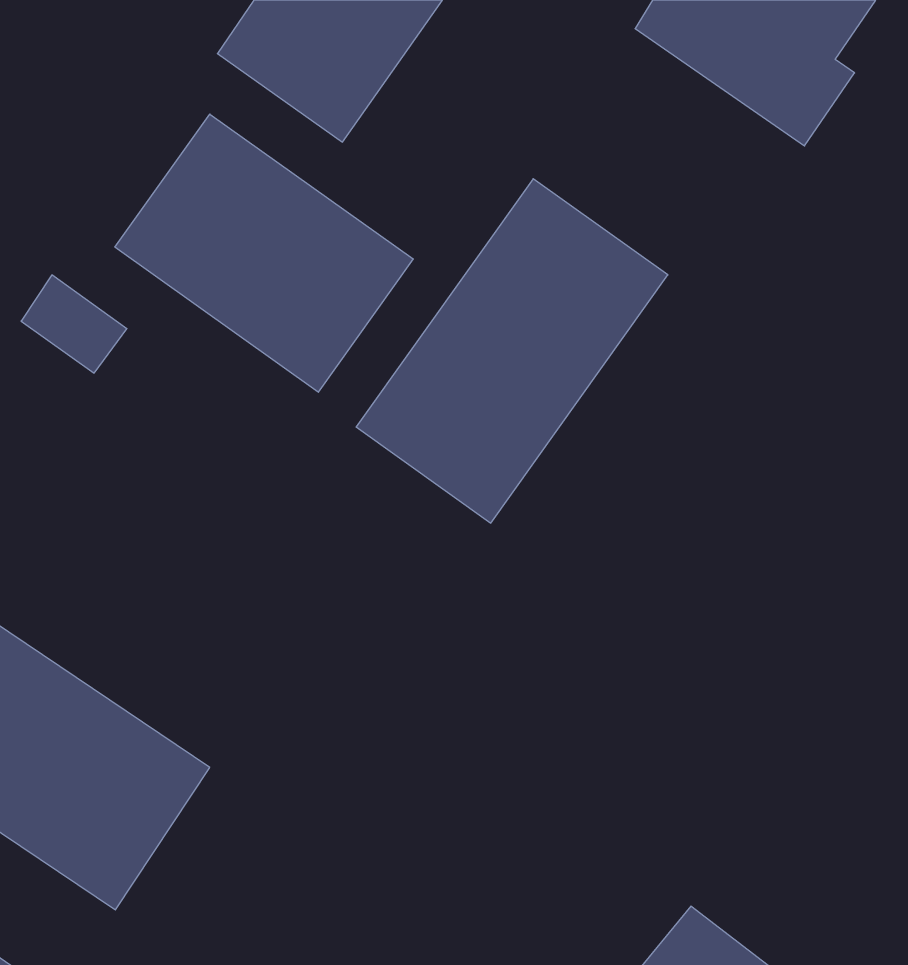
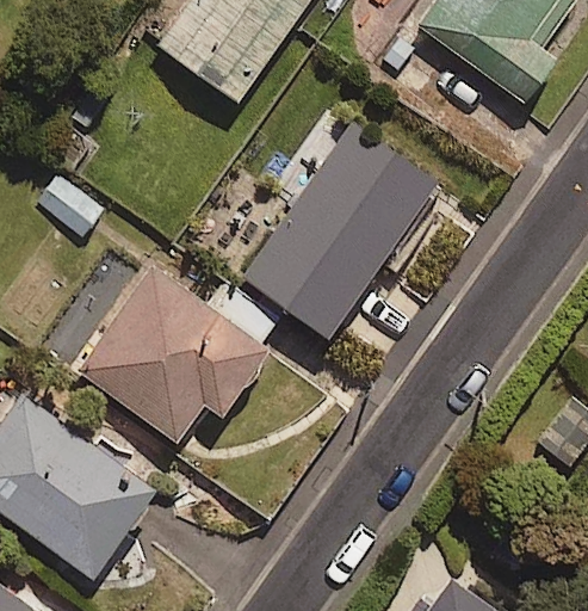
building: [115,114,413,392] -> none
building: none -> [79,269,284,440]

